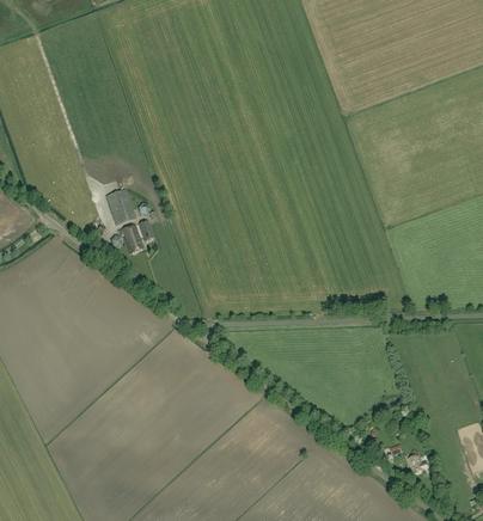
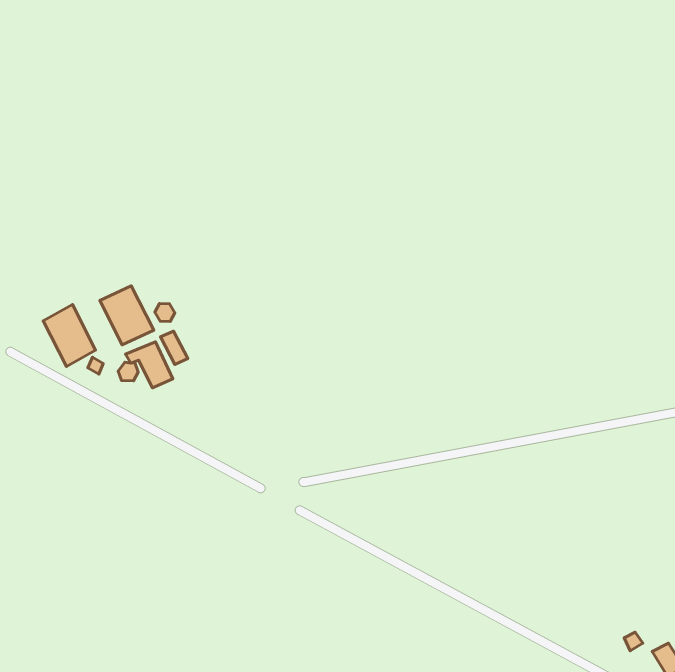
building: none -> [43,304,96,367]

